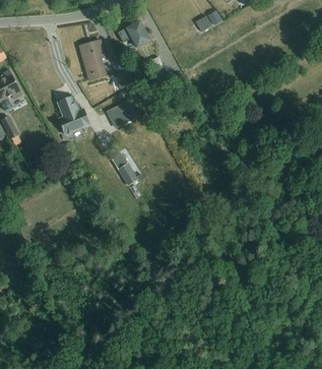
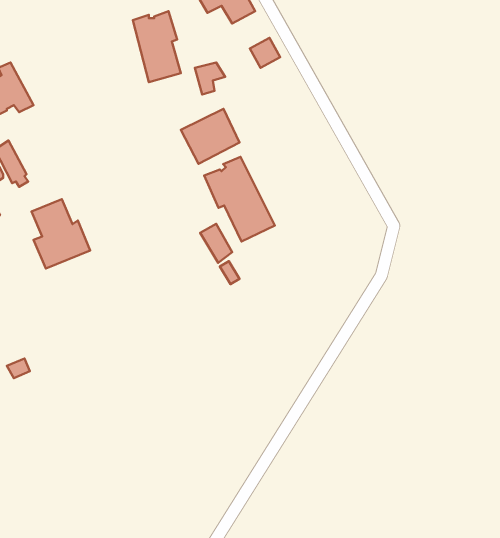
building: [56,95,89,134] -> [32,199,90,268]
building: none -> [204,157,275,241]

